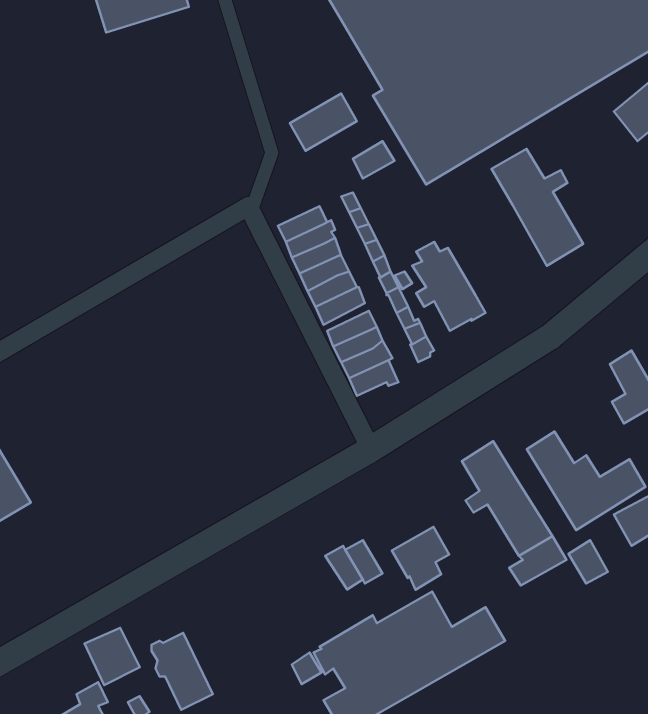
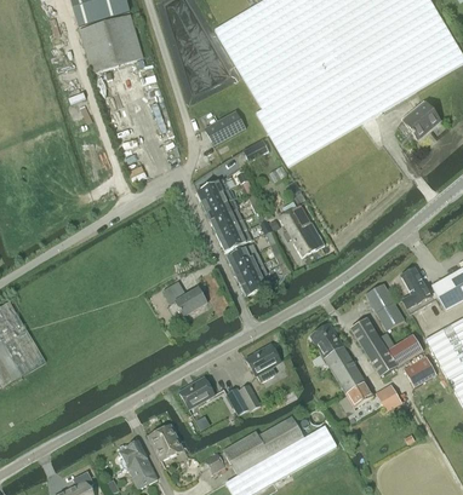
building: [491,149,583,266] -> none
building: none -> [162,282,207,316]
building: none -> [366,283,405,330]
building: [392,527,449,590] -> [246,344,281,382]
building: none -> [179,376,215,408]
building: [84,628,140,685] -> [149,425,183,460]

